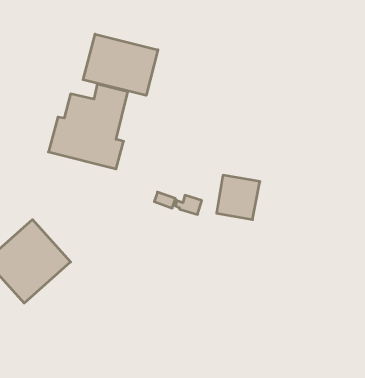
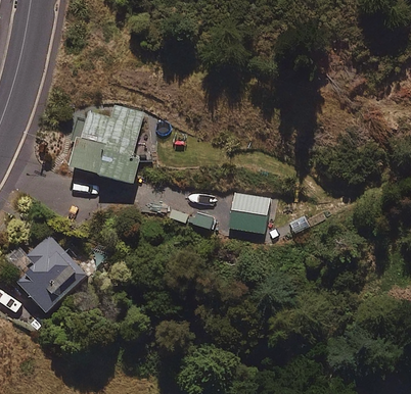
building: [83,34,158,95] -> none

